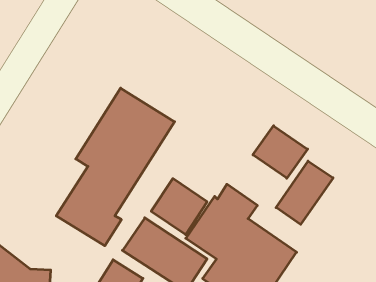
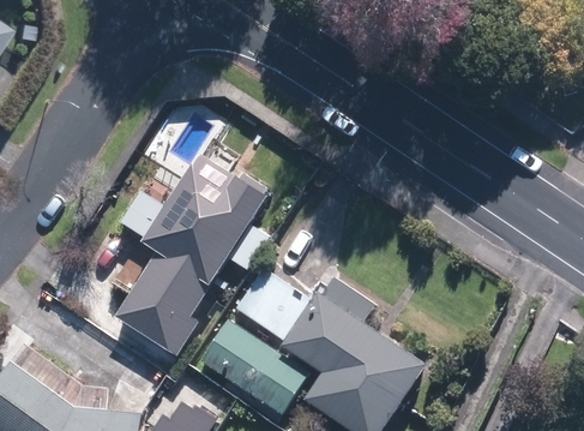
building: [253,126,308,178] -> none
building: [276,161,333,224] -> none

